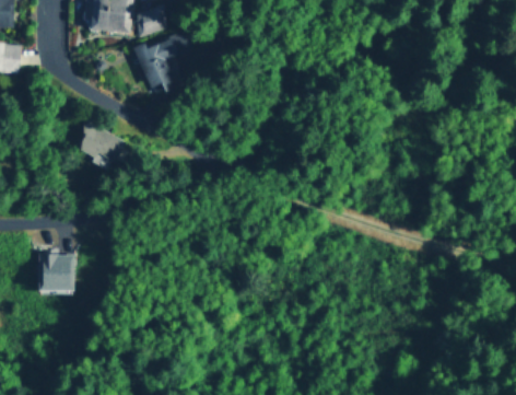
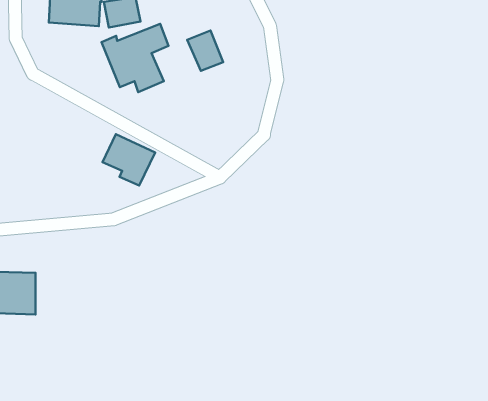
building: none -> [187,30,223,71]
building: [77,125,124,171] -> [102,134,155,186]

